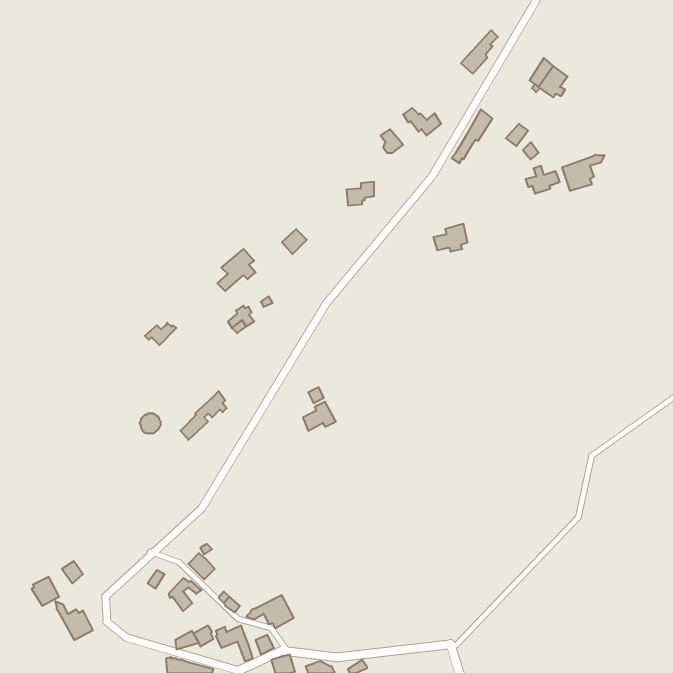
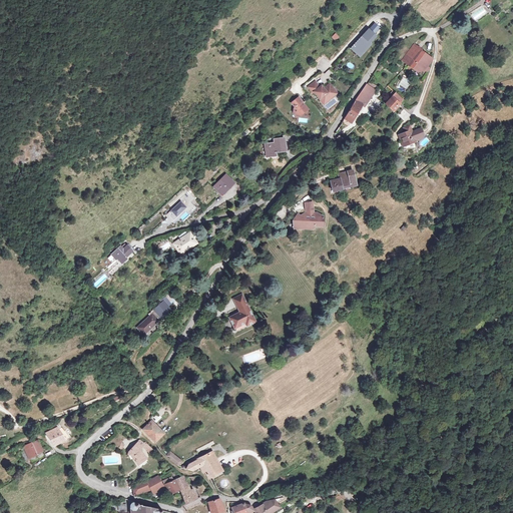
building: [562,155,604,191] -> none
building: none -> [294,208,324,228]
building: [55,601,93,640] -> none

